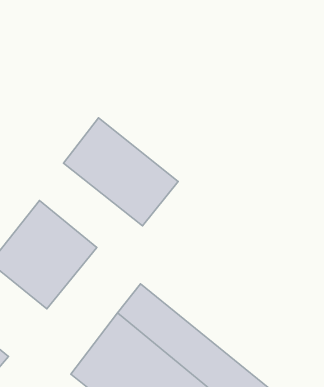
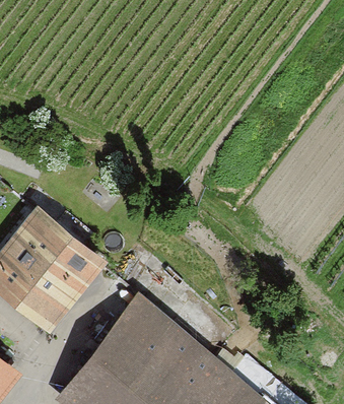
building: [64,118,178,226] -> none

